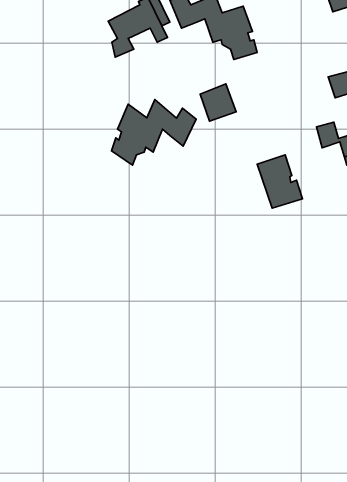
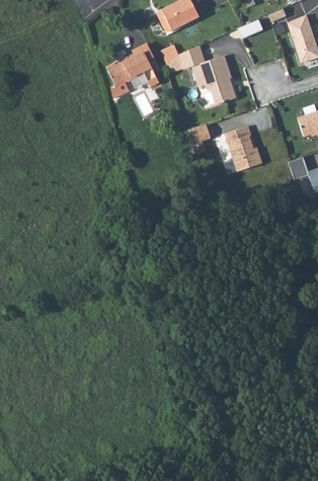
building: [111,99,196,165] -> none
building: [257,155,302,208] -> [223,125,262,171]

